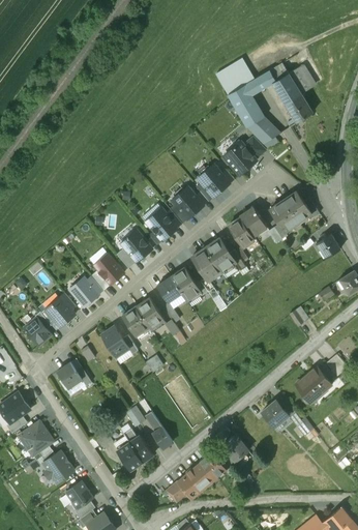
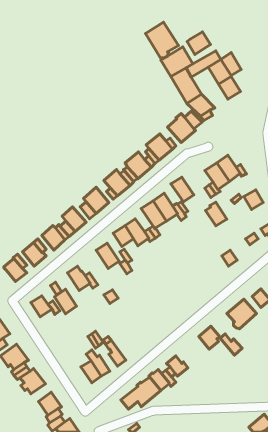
building: none -> [145,22,178,58]
building: none -> [187,32,210,54]
building: [240,207,266,236] -> [206,202,227,226]
building: [122,306,149,336] -> [54,289,76,314]

